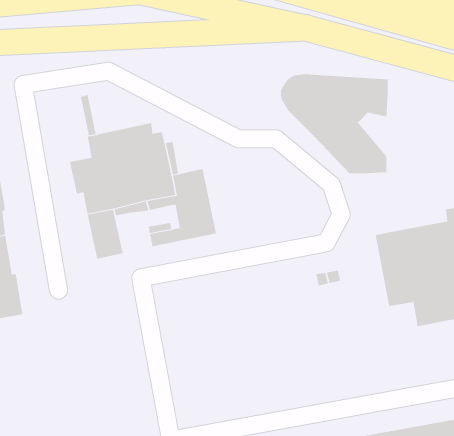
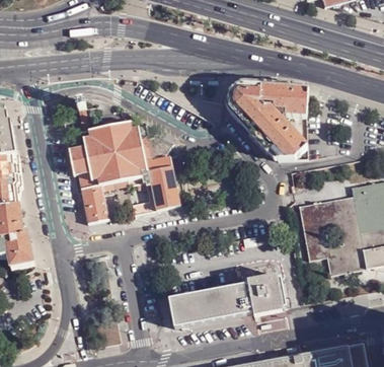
building: none -> [174,274,293,325]

